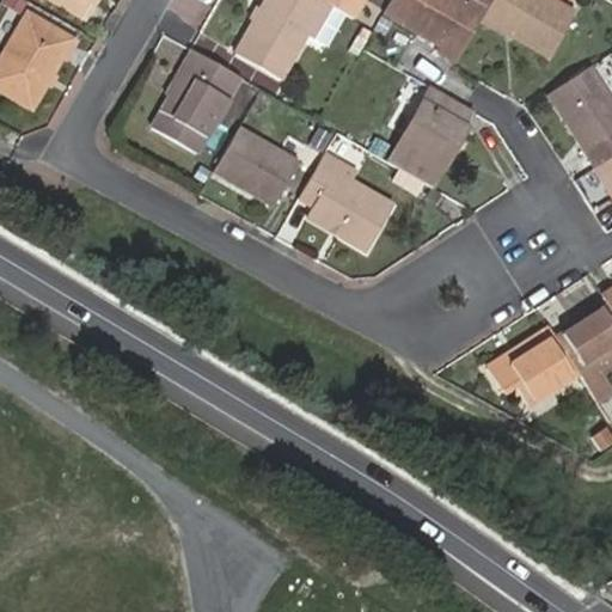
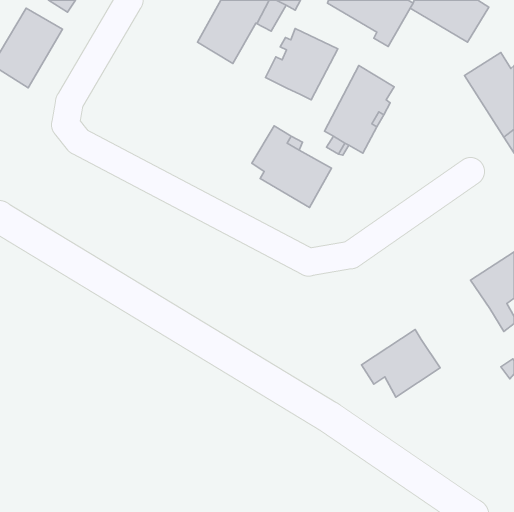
building: none -> [266,29,338,100]
building: [154,51,243,154] -> none
building: [214,128,296,206] -> none
building: [488,324,581,404] -> [362,330,440,397]

